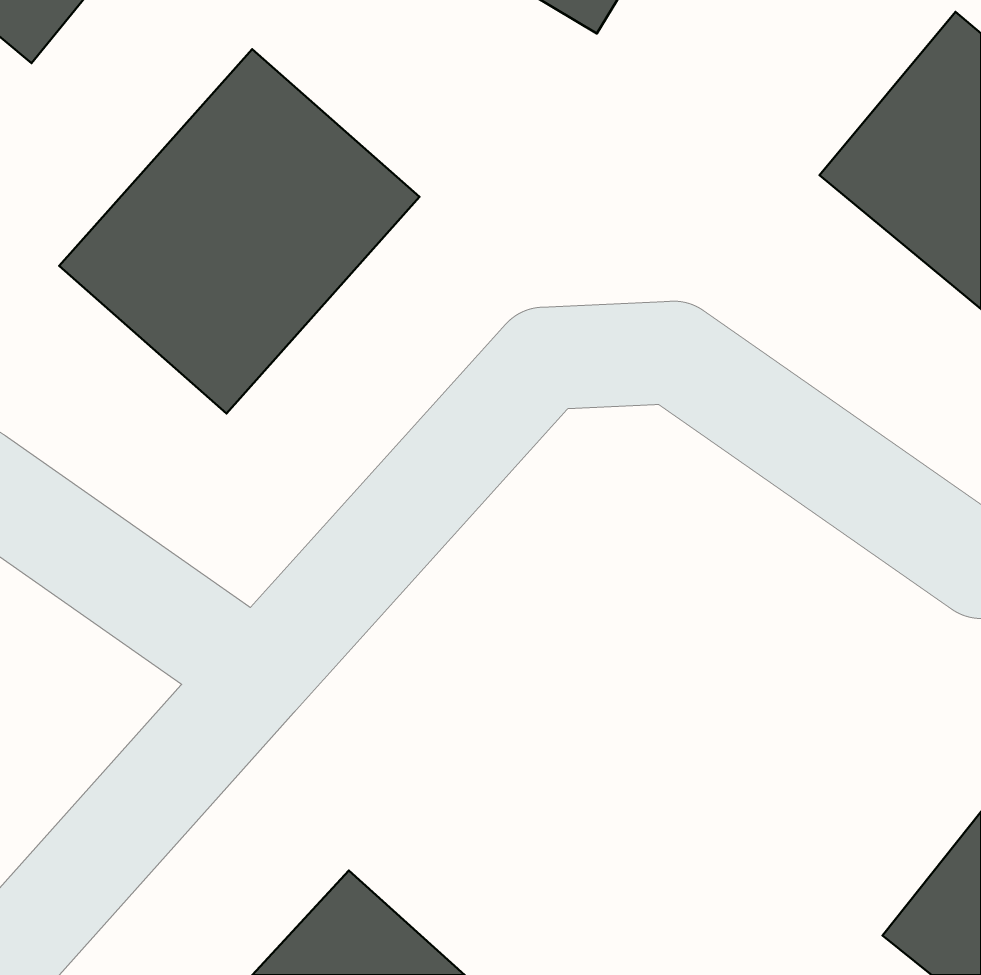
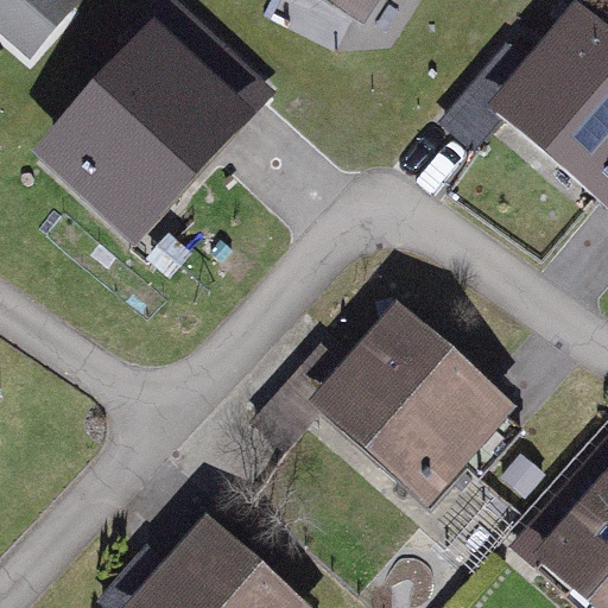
building: none -> [315,311,518,512]

